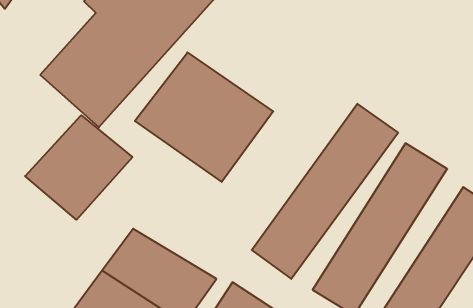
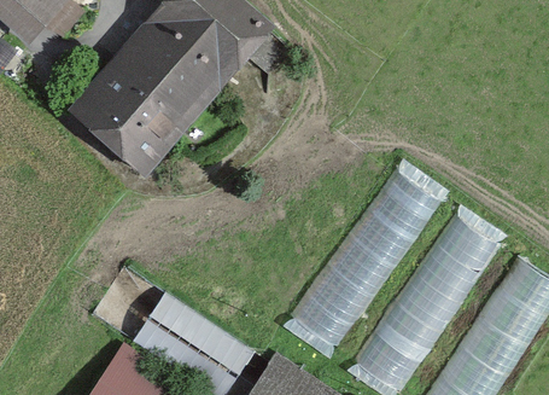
building: [135,52,273,182] -> none
building: [25,115,132,220] -> none

